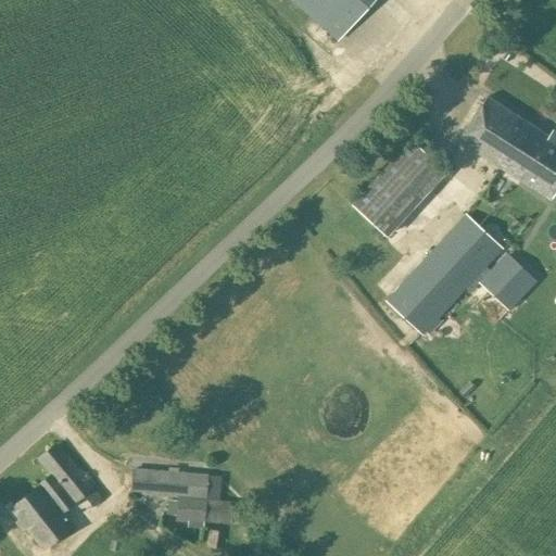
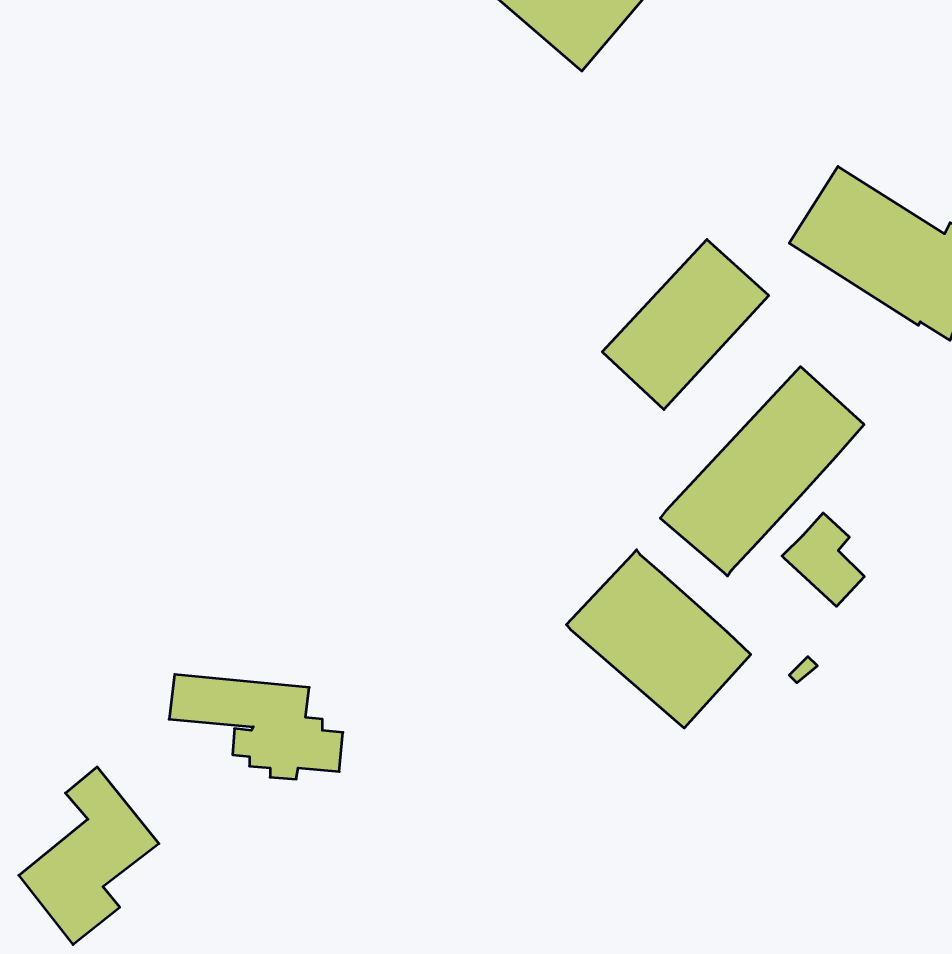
building: [479,255,527,309] -> [782,513,864,606]
building: none -> [566,550,751,728]
building: [131,467,232,528] -> [169,674,343,779]

